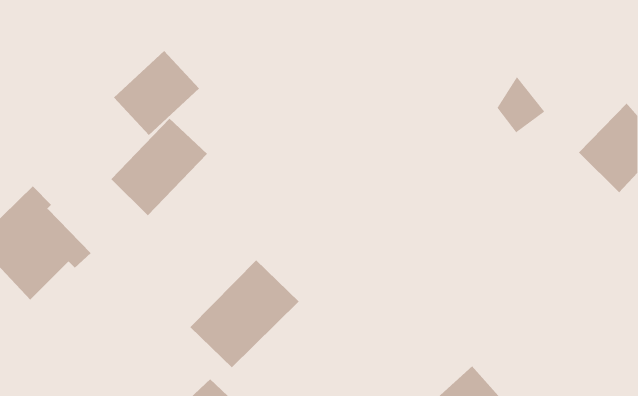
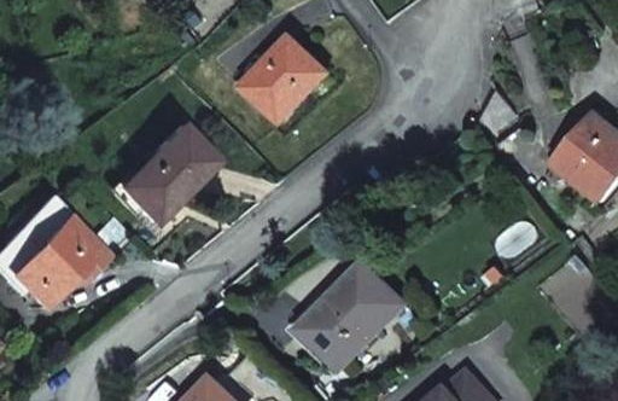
building: [113,50,200,136] -> [243,42,325,123]
building: [190,259,299,368] -> [298,263,402,366]

